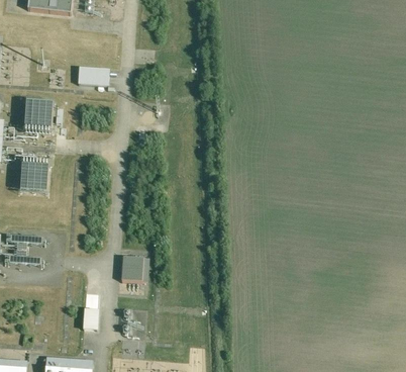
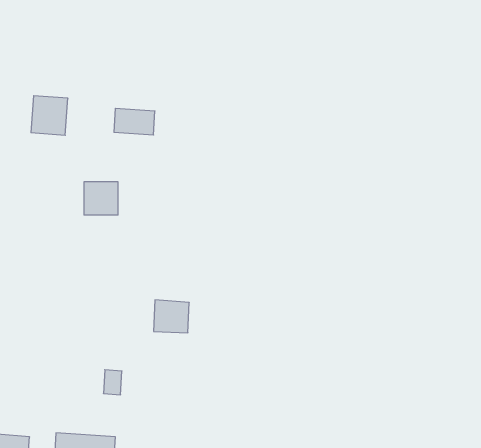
building: [77,66,108,86] -> [114,108,155,135]
building: [23,165,49,190] -> [84,182,118,215]

